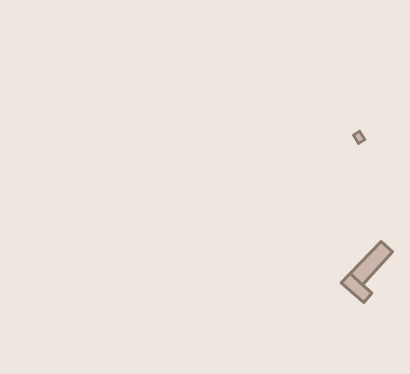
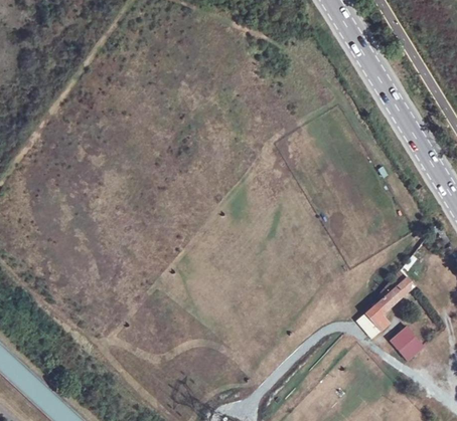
building: none -> [390,326,424,360]

